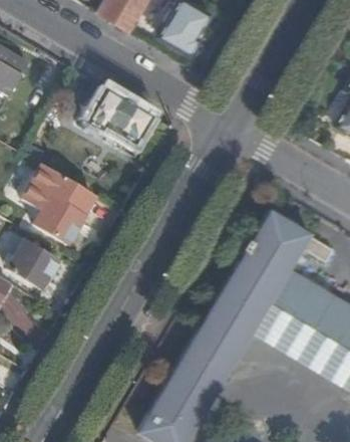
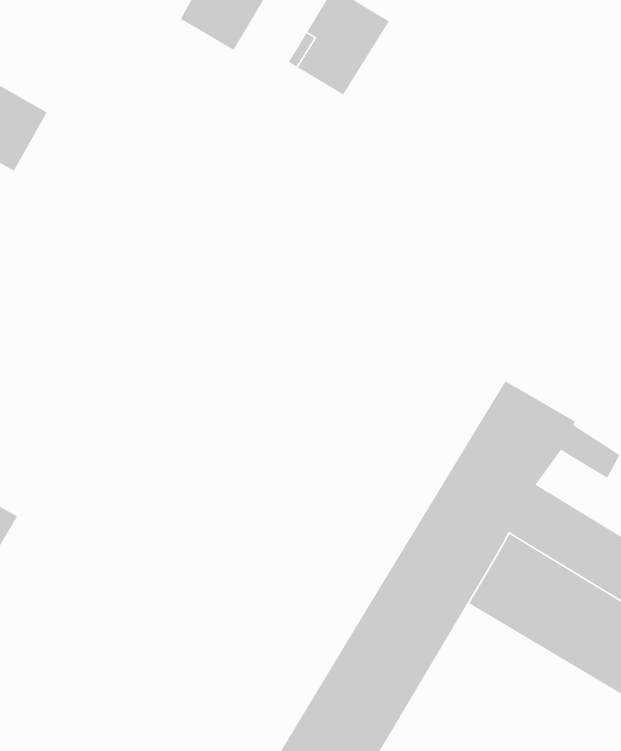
building: [83,85,153,146] -> none
building: [27,167,94,245] -> none
building: [7,242,56,289] -> none

